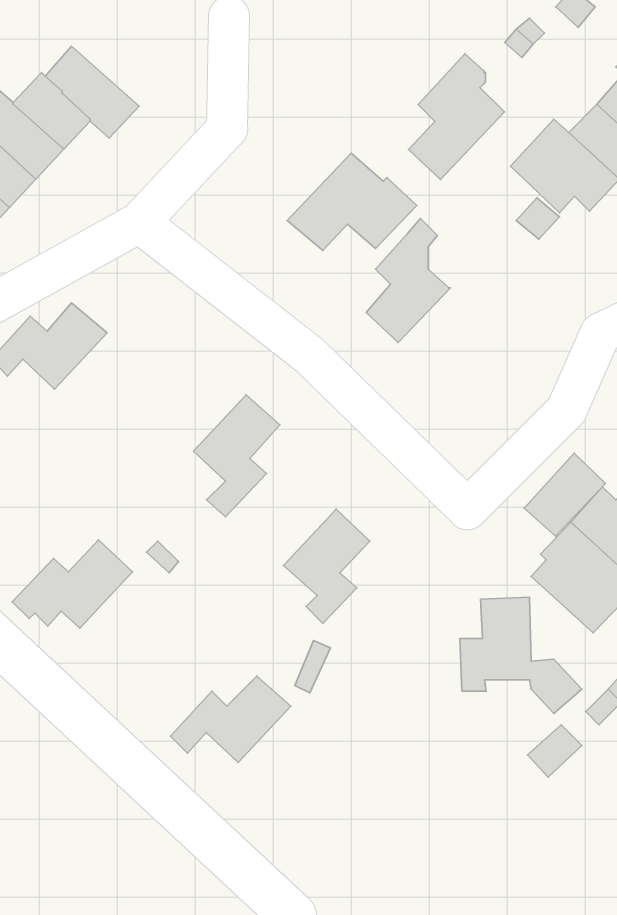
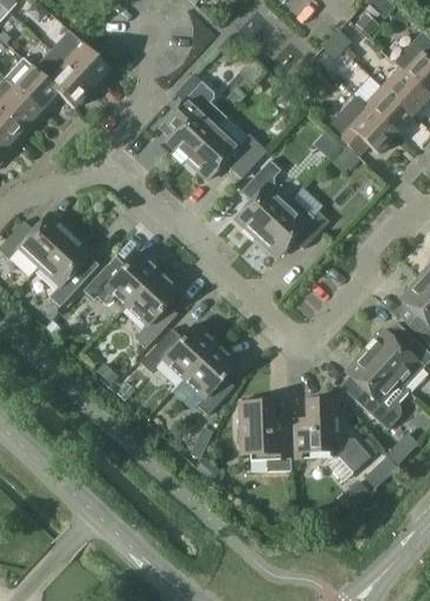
building: none -> [50,30,110,88]
building: [409,54,504,179] -> [166,81,226,160]
building: none -> [256,197,329,257]
building: none -> [39,231,94,306]
building: [524,453,606,536] -> none
building: [12,540,132,628] -> [84,250,160,306]
building: none -> [239,401,287,459]
building: [171,676,291,763] -> [141,324,217,378]

